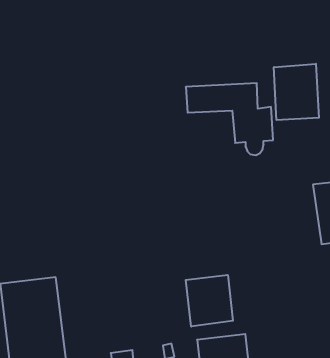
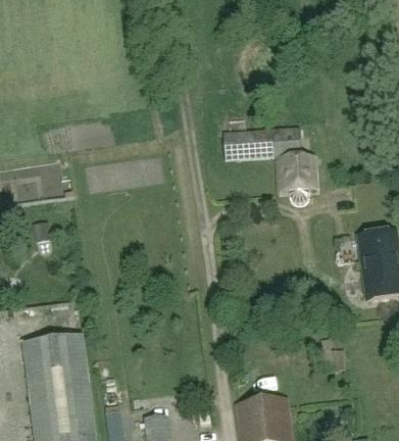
building: [274,64,319,120] -> none
building: [186,275,233,327] -> none

